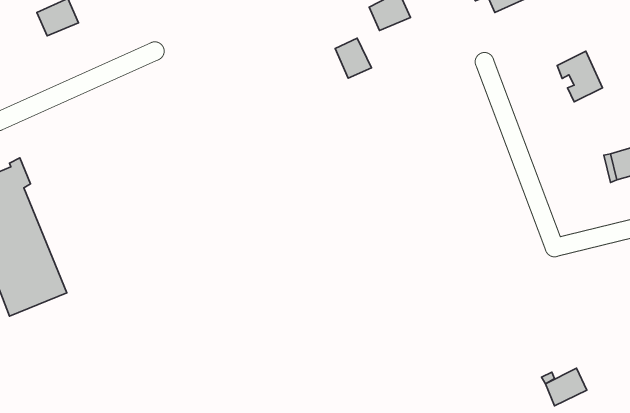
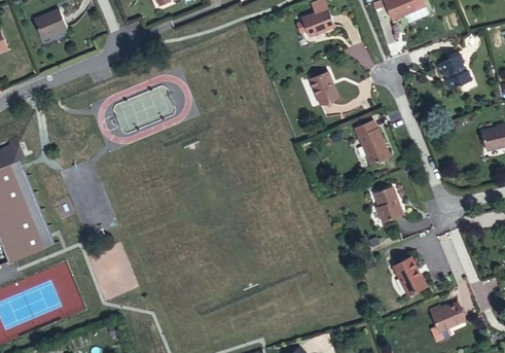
building: [335,38,371,78] -> [312,75,340,107]
building: none -> [355,119,393,165]
building: none -> [371,186,403,220]
building: none -> [391,260,424,298]

